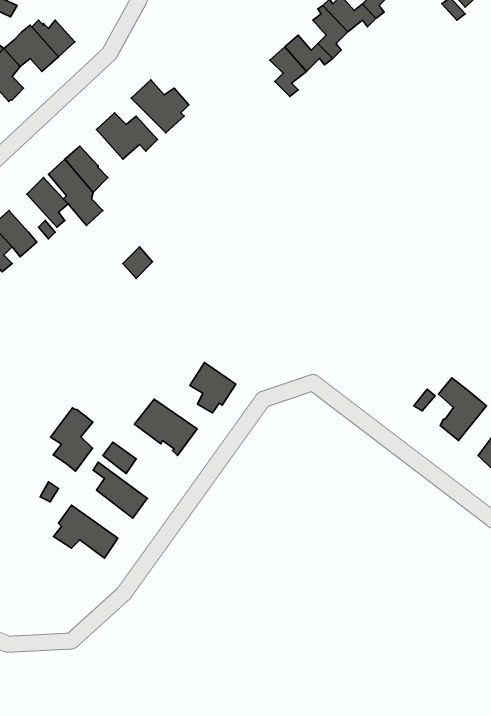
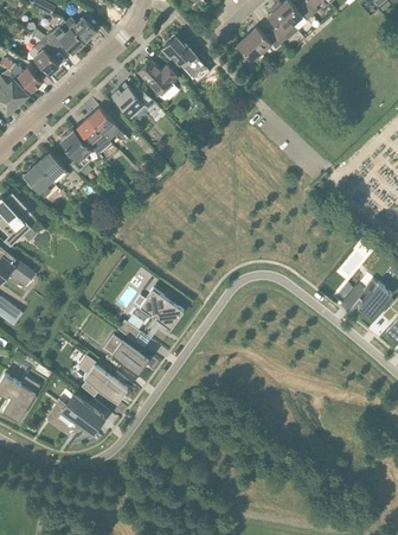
building: none -> [161,37,211,88]
building: [190,363,236,413] -> none
building: [51,408,93,471] -> none
building: none -> [62,395,103,433]

